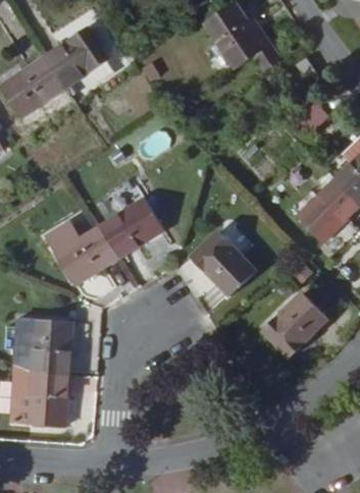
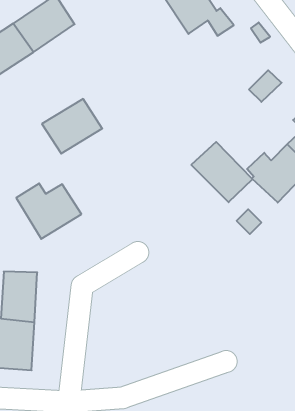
building: [98,199,162,257] -> [42,99,102,154]
building: [188,231,253,295] -> [191,142,253,202]
building: [260,288,327,354] -> none

